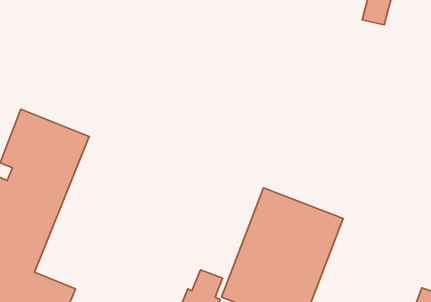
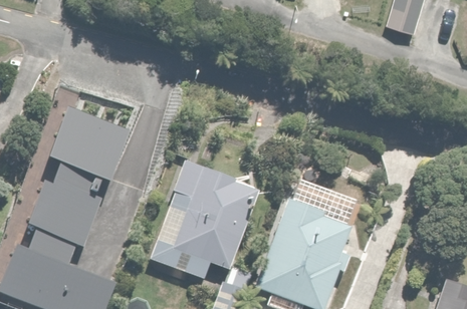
building: none -> [149,165,256,283]

